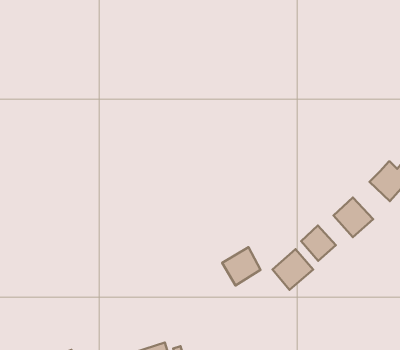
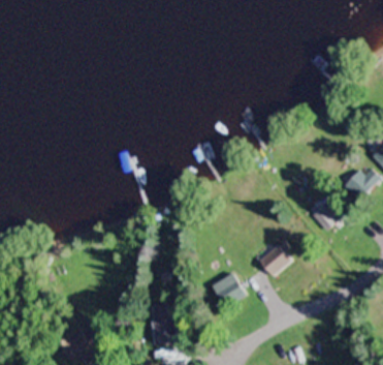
building: [301,225,336,261] -> none
building: [222,247,261,285] -> [214,274,247,307]

